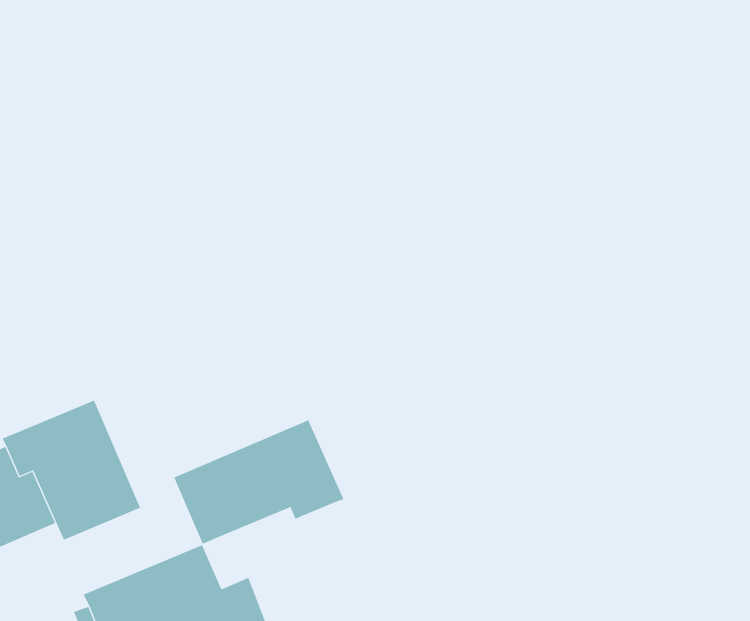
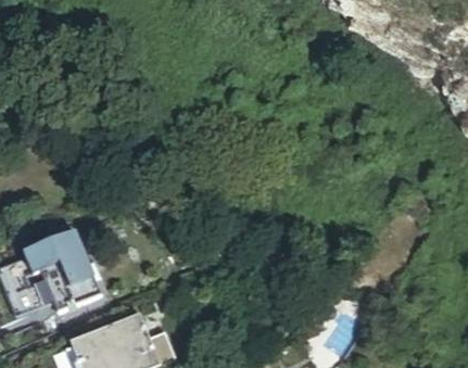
building: [173,419,344,544] -> none

